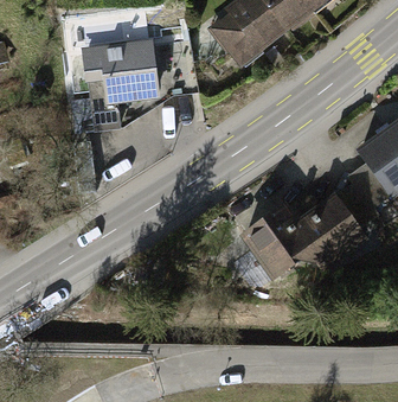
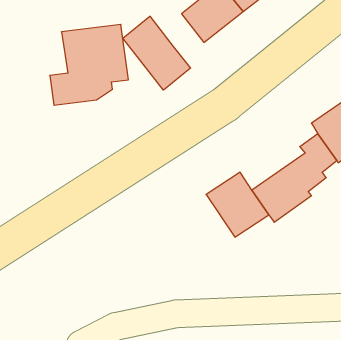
building: none -> [123,16,191,90]

